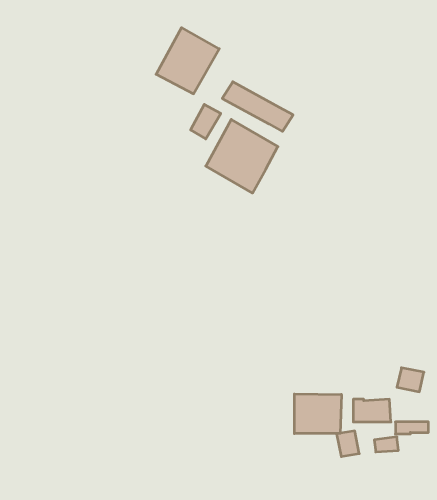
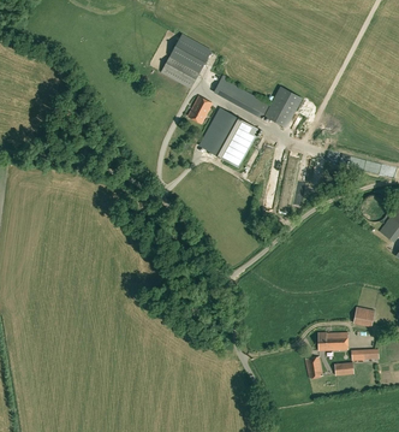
building: none -> [266,87,302,128]
building: [294,394,341,434] -> none

